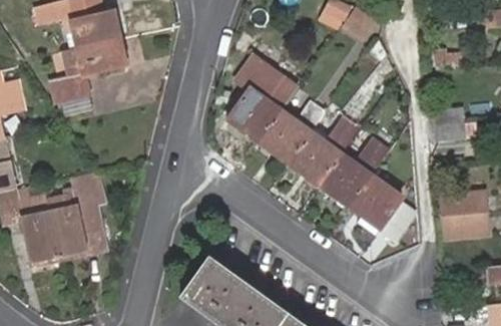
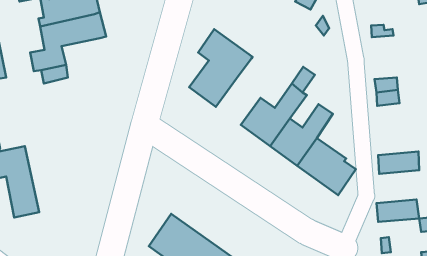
building: [258,103,320,160] -> none
building: [46,173,106,259] -> none
building: [441,212,489,237] -> [376,200,419,222]

